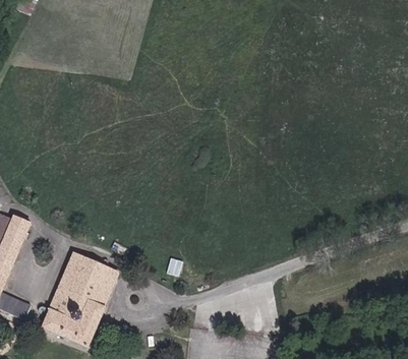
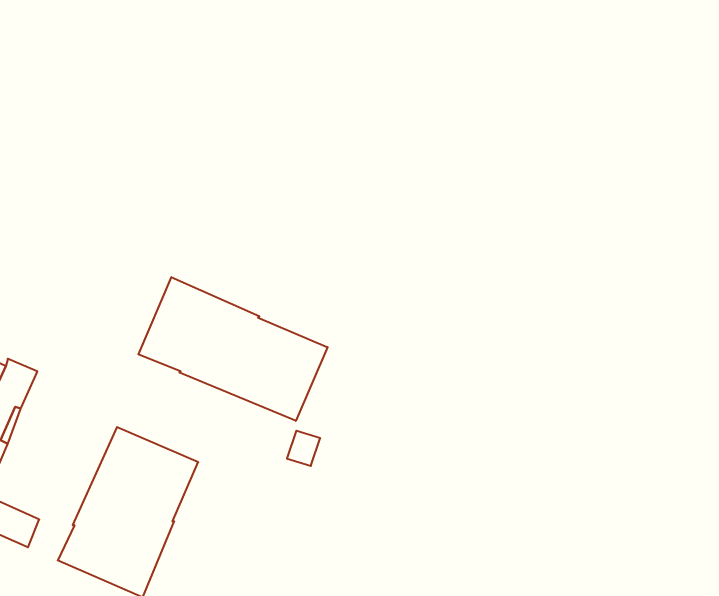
building: none -> [138,277,328,421]

